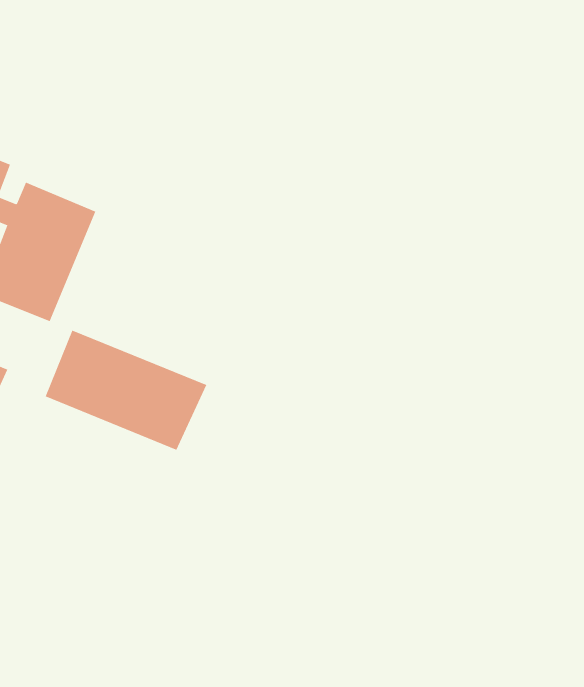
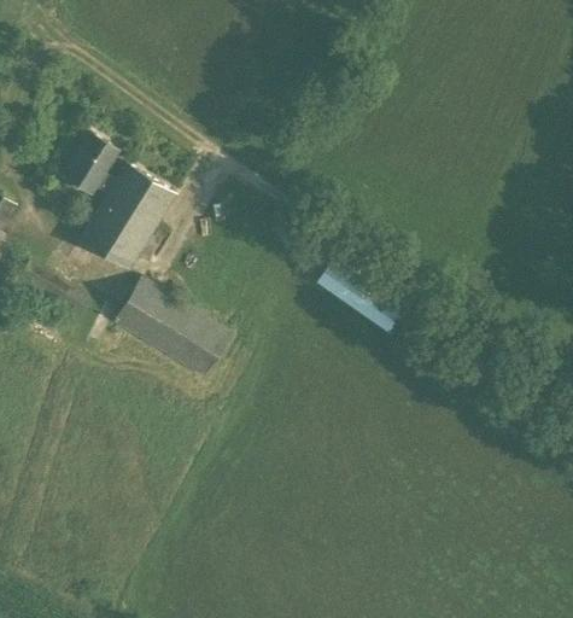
building: none -> [318,258,409,334]

